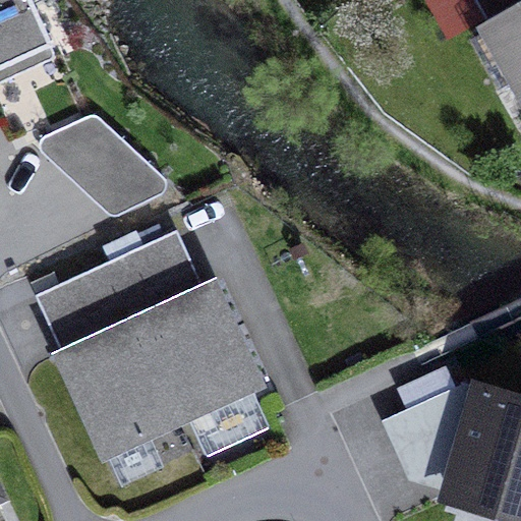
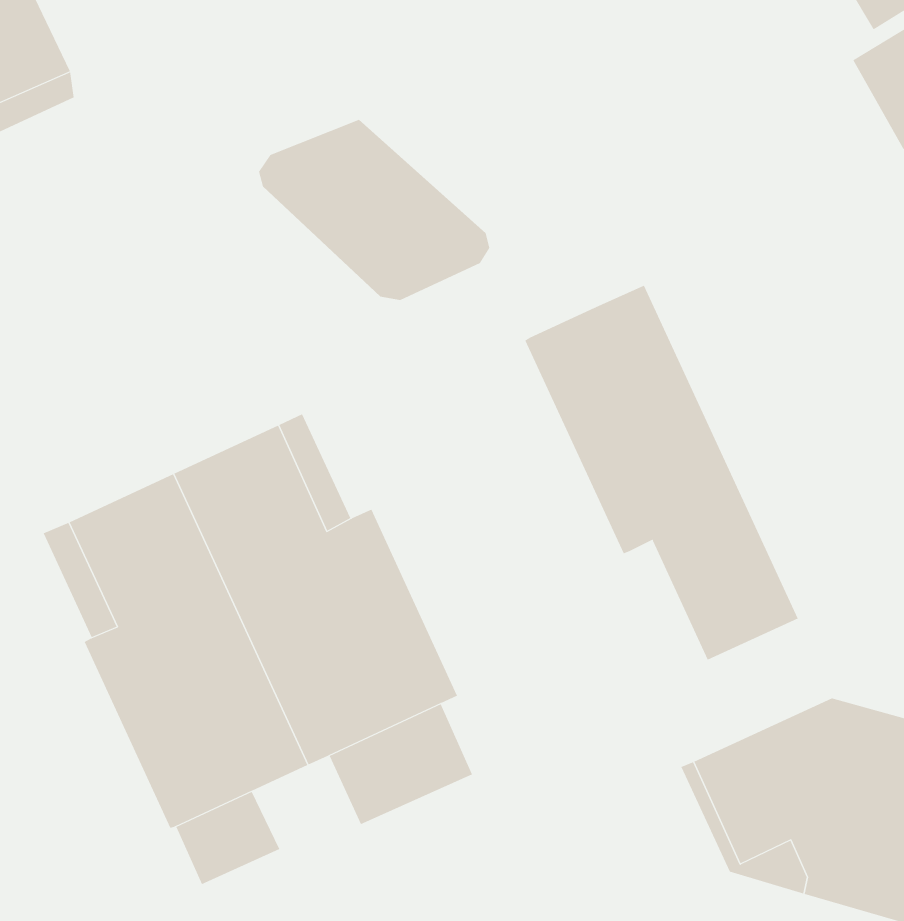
building: [41,115,167,214] -> [258,119,490,301]
building: none -> [524,285,798,661]

